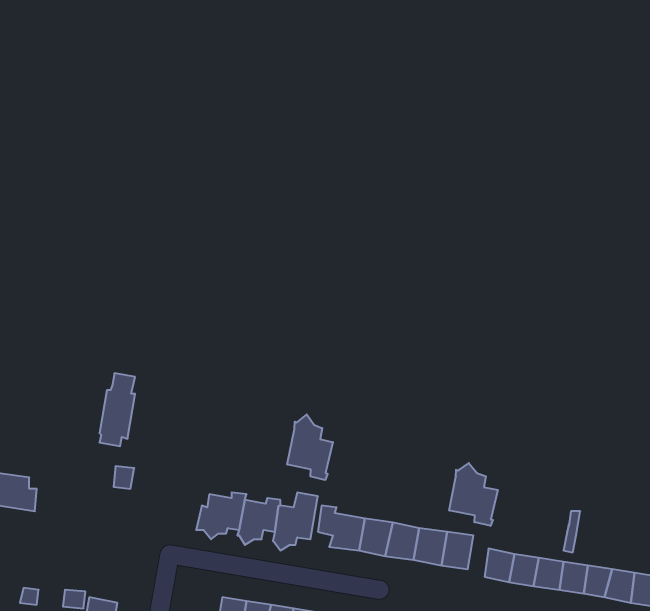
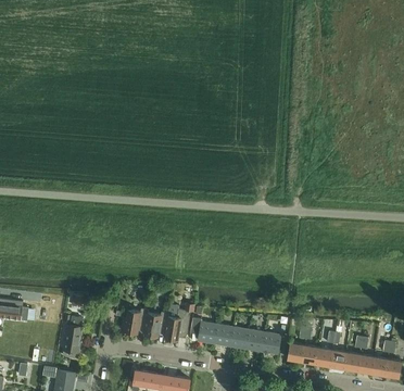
building: [99,373,135,446] -> [62,315,83,357]
building: [287,414,333,480] -> none
building: [449,463,498,526] -> none

